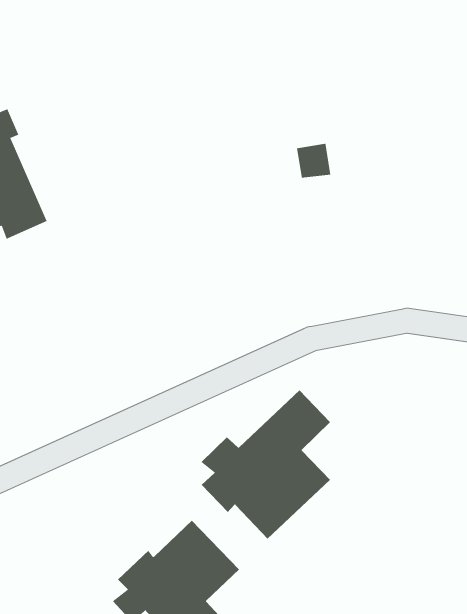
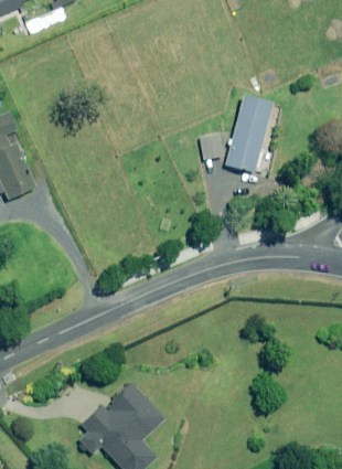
building: none -> [226,95,274,172]
building: [200,389,331,540] -> none

